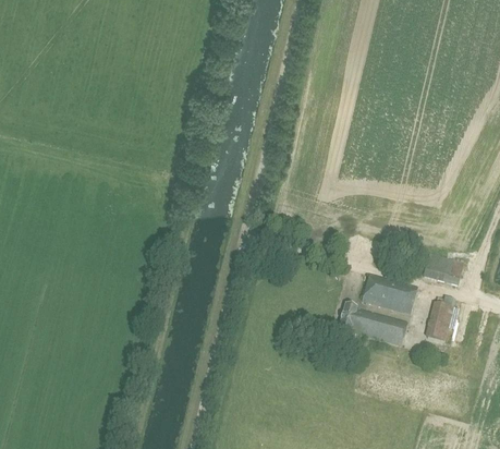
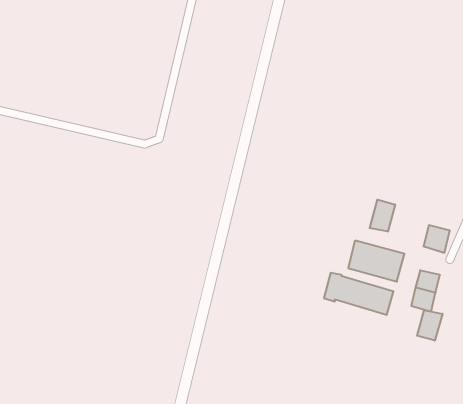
building: none -> [370,200,395,232]
building: none -> [417,310,442,341]

